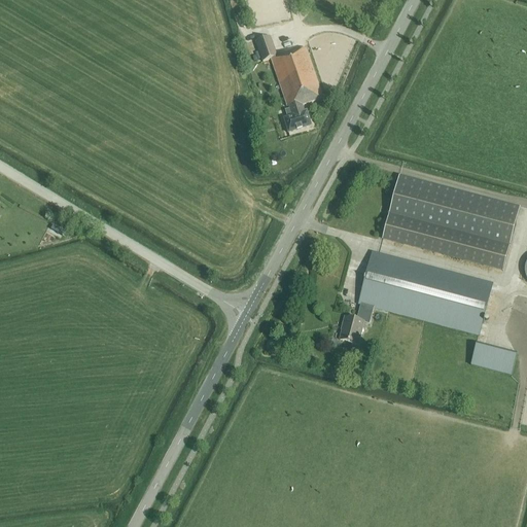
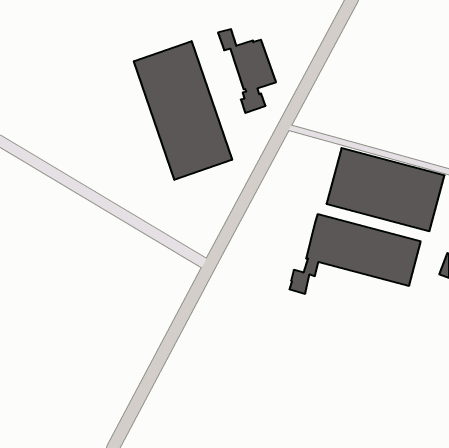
building: none -> [134,41,232,180]
building: [469,341,515,374] -> none

